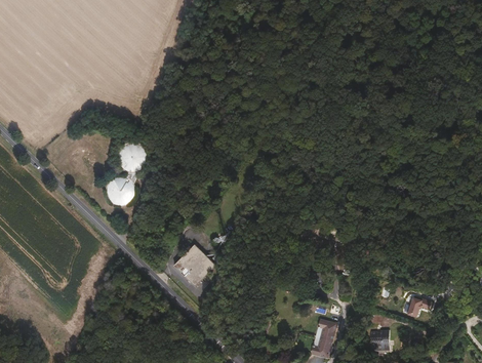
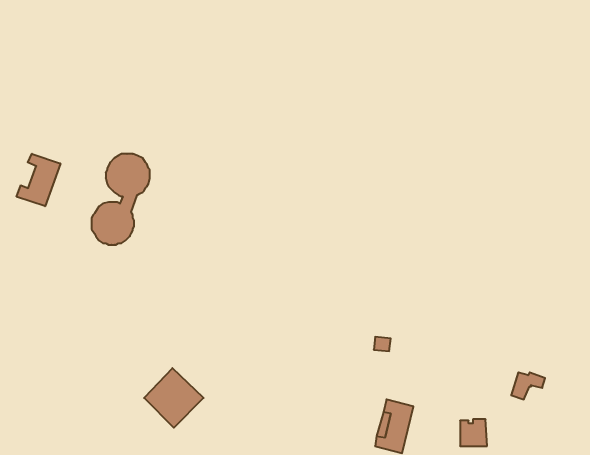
building: none -> [17,154,60,206]
building: [173,246,216,289] -> [144,368,204,428]

